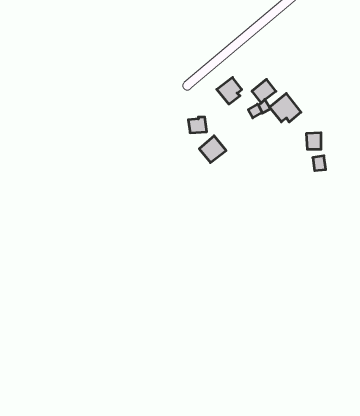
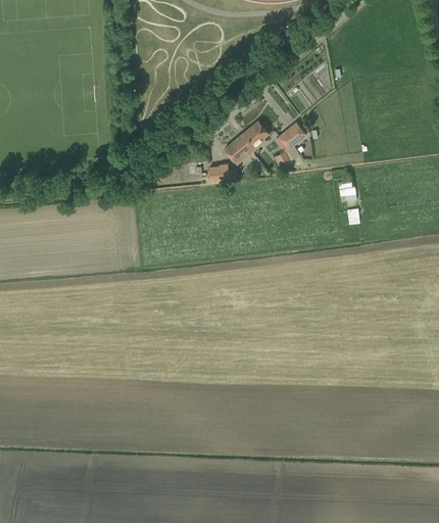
building: [269,93,301,122] -> none
building: [199,136,226,163] -> [224,134,253,163]

